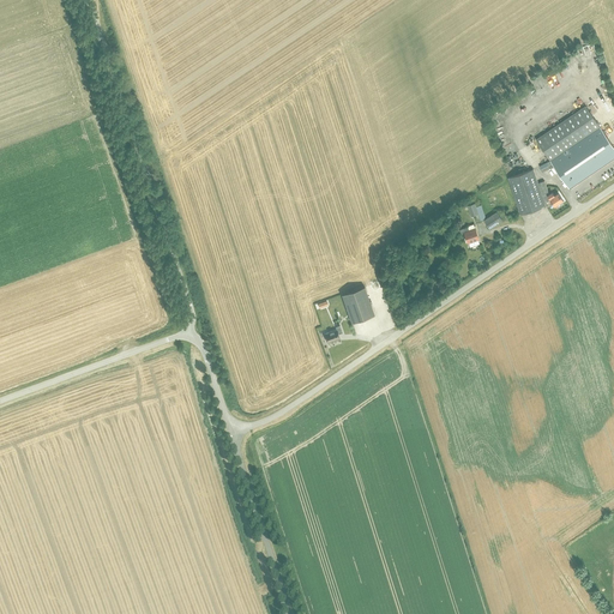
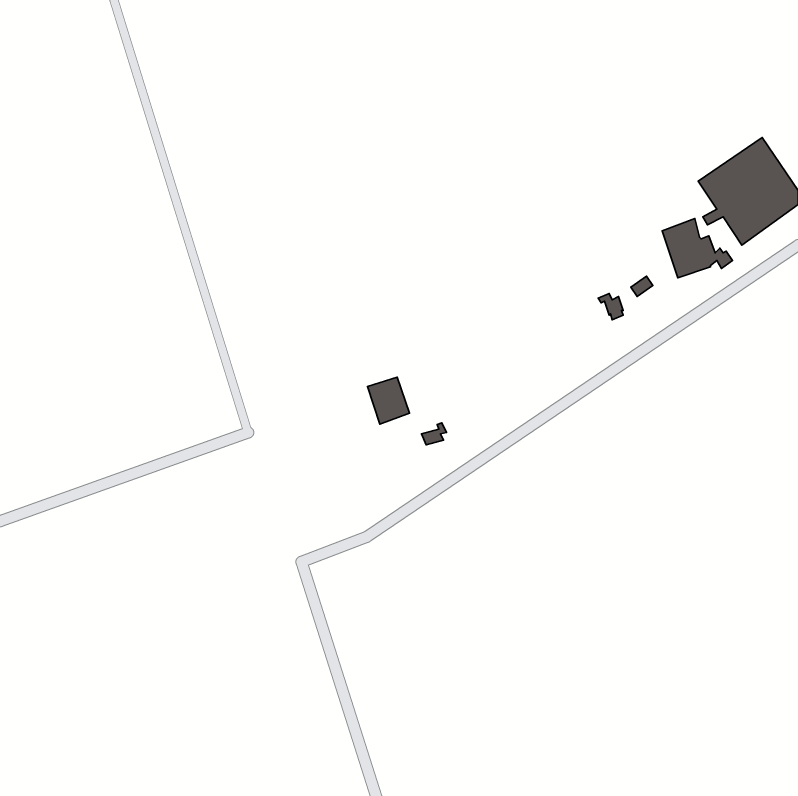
building: [342,288,374,324] -> [367,377,410,424]

